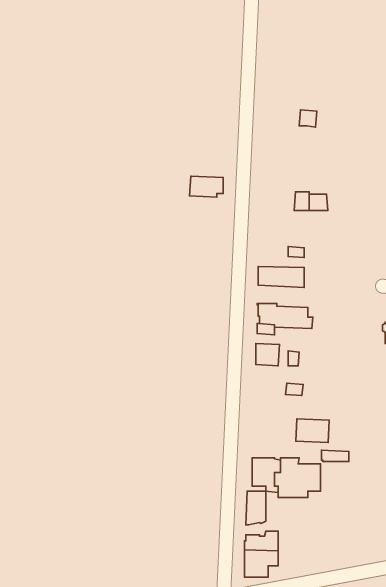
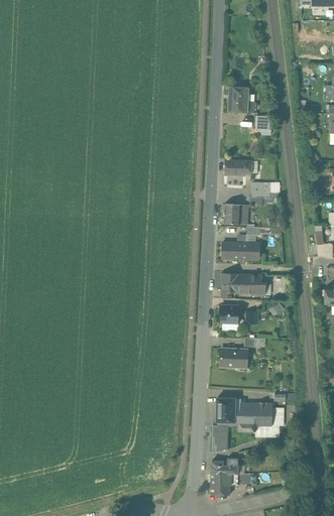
building: none -> [228,86,254,113]
building: [190,176,223,197] -> [224,159,251,176]
building: none -> [223,204,246,225]
building: [296,419,329,442] -> [220,349,247,368]

